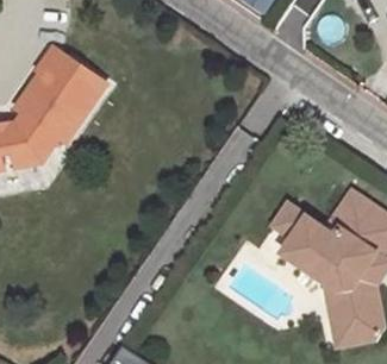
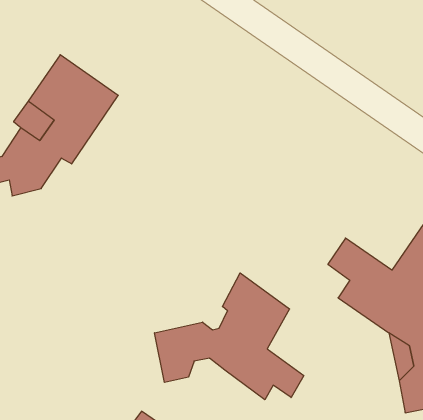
building: none -> [155,273,304,400]

